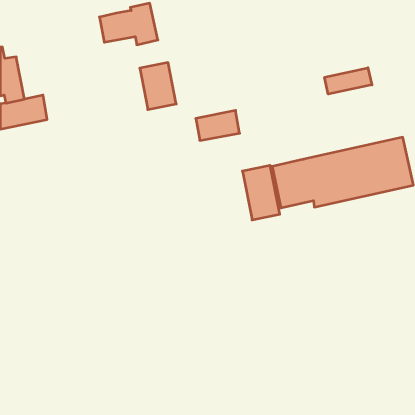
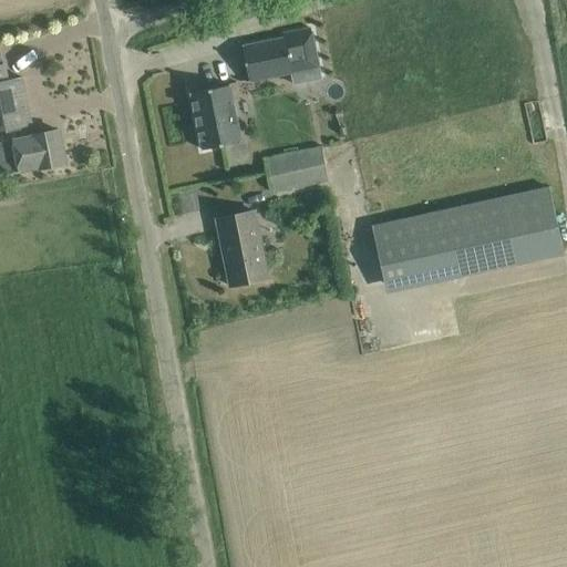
building: [99,3,158,45] -> [241,28,321,84]
building: [325,68,372,94] -> none
building: [242,165,280,220] -> [216,212,267,286]

